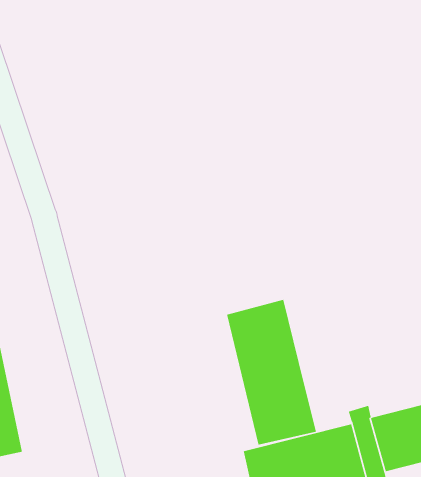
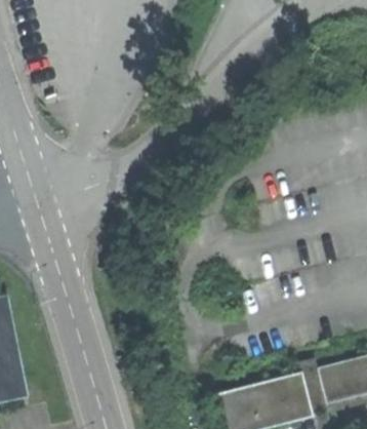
building: [226,299,317,446] -> none

